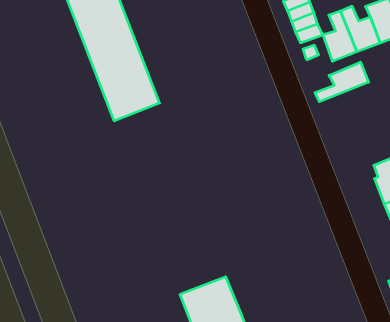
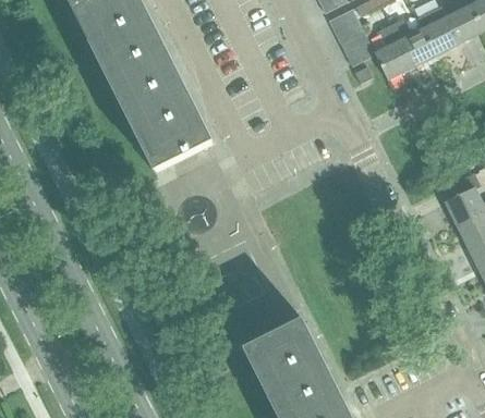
building: [315,62,369,102] -> none

